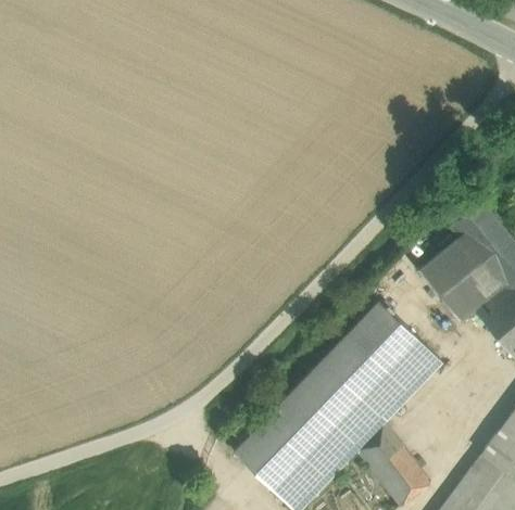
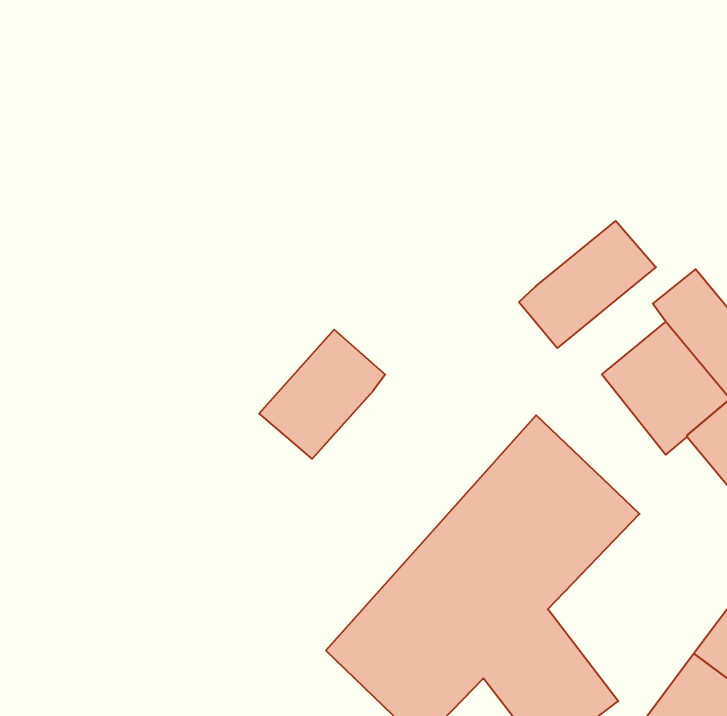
building: none -> [519,221,656,348]
building: none -> [259,330,385,459]

